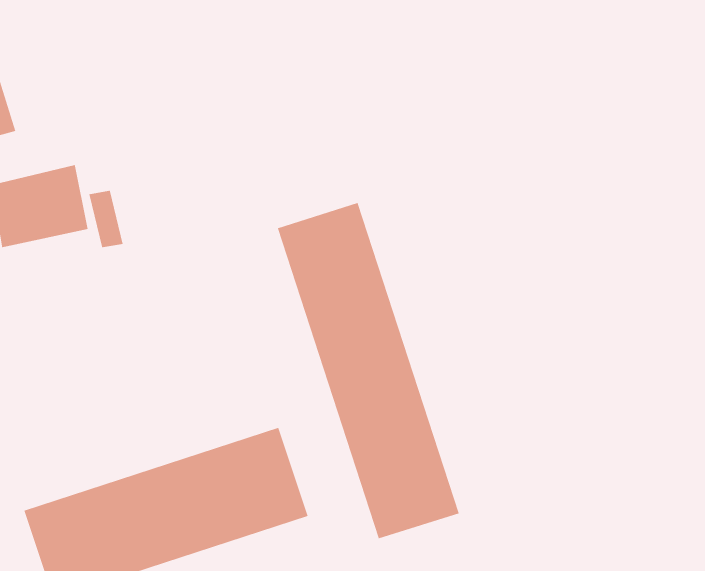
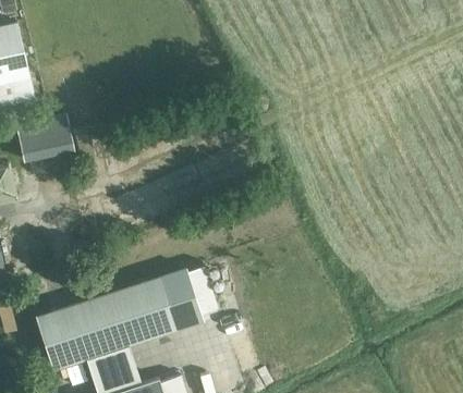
building: [277,202,459,539] -> none

